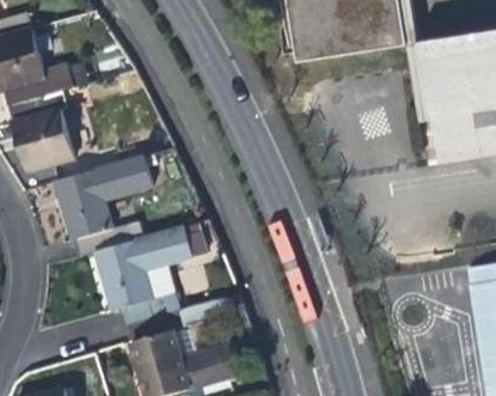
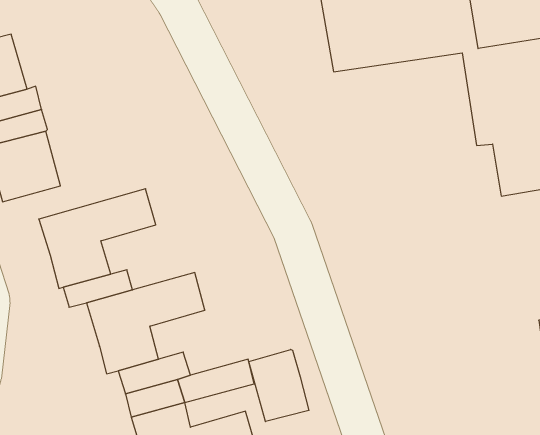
building: none -> [249,349,309,422]

